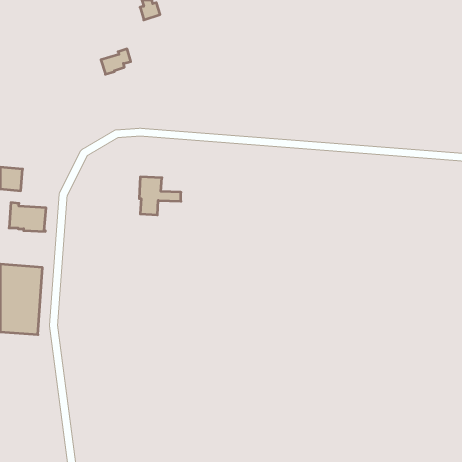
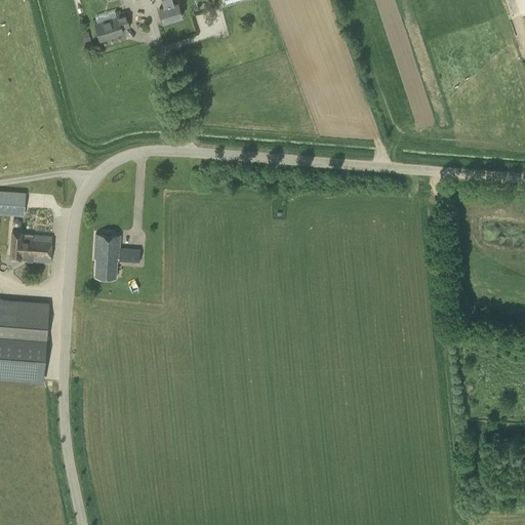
building: [101,49,131,74] -> [95,12,129,41]
building: [139,177,181,215] -> [94,234,142,277]

